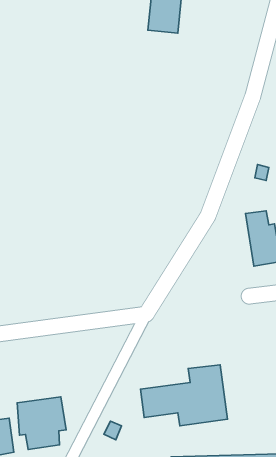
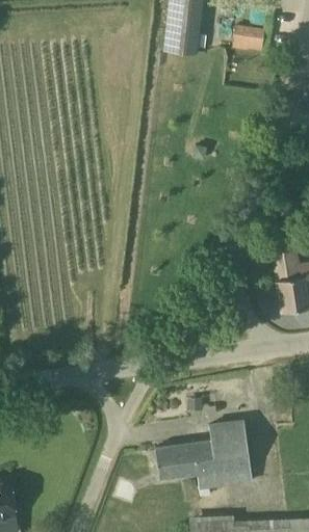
building: none -> [233,26,265,52]
building: [17,397,66,450] -> none

